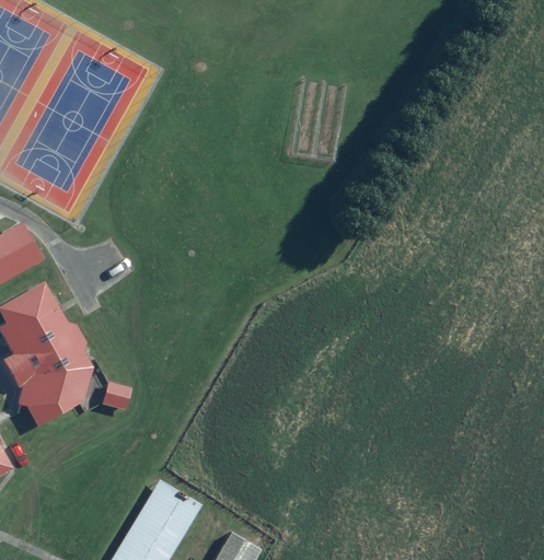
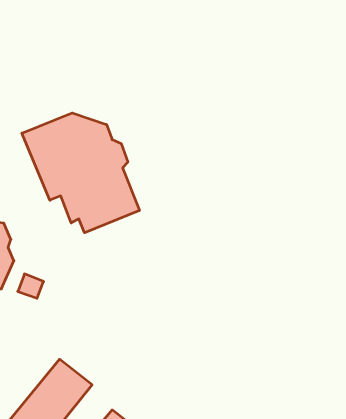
building: none -> [22,113,139,233]

